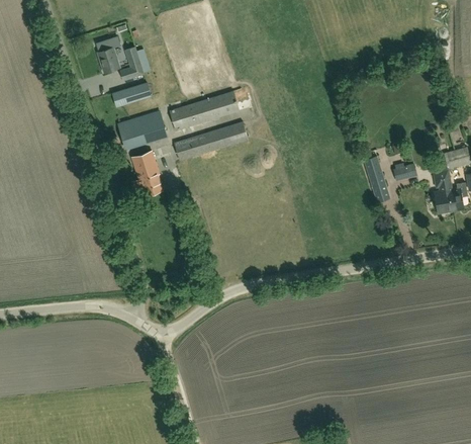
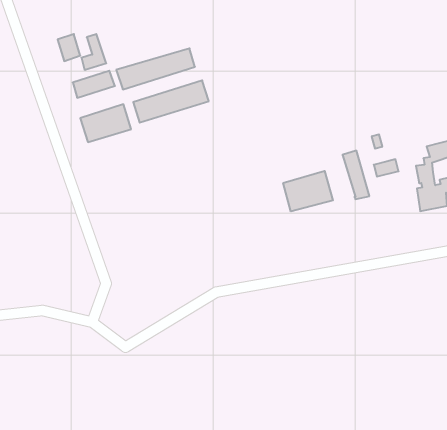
building: [174,122,248,161] -> [116,48,195,89]
building: [131,151,162,194] -> none
building: none -> [283,171,333,211]

